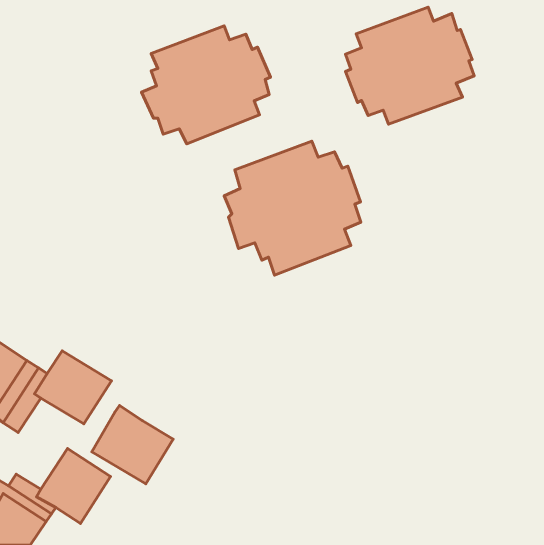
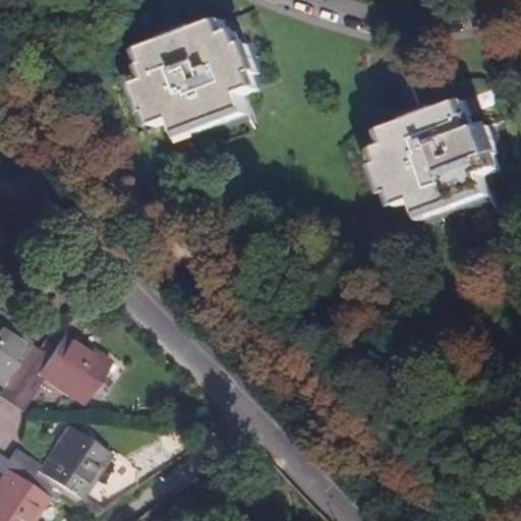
building: [346,7,474,124] -> [374,105,497,216]
building: [224,141,361,275] -> none
building: [92,406,173,484] -> none

